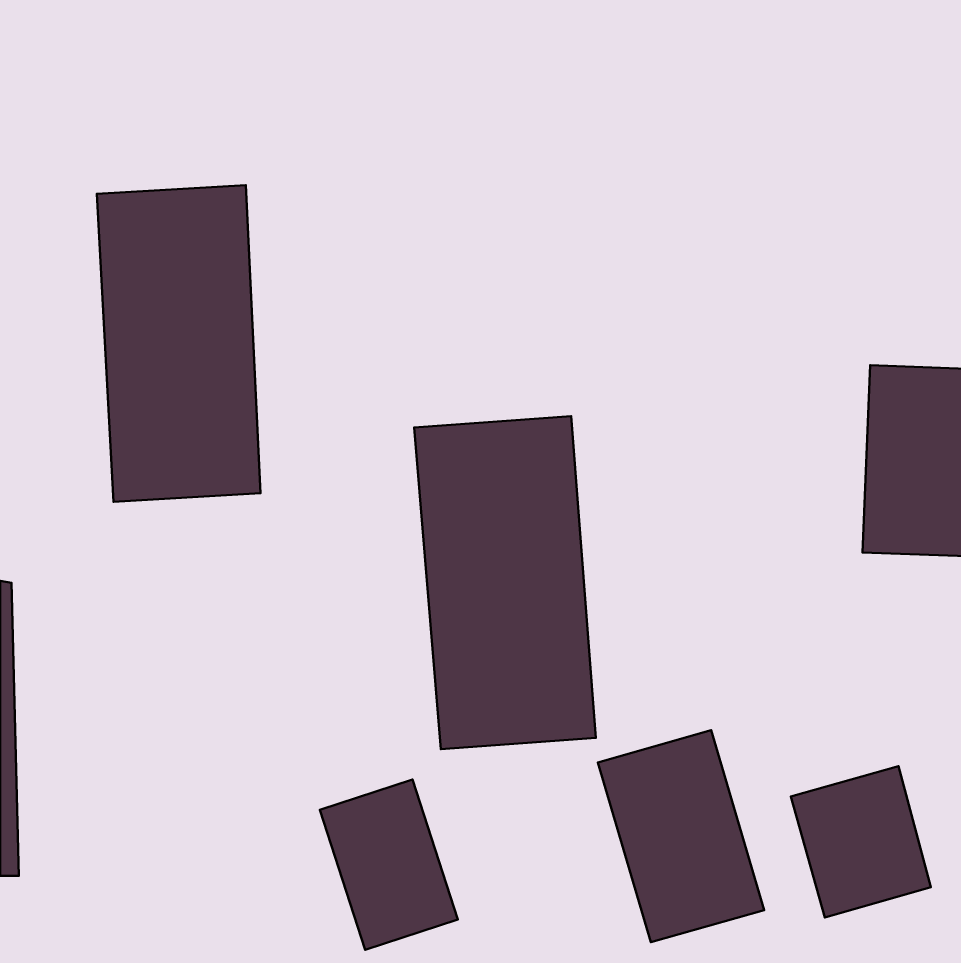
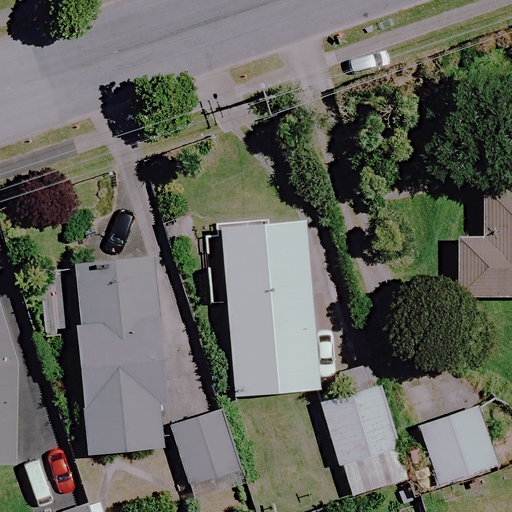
building: [97,185,261,502] -> none
building: none -> [79,264,165,453]

